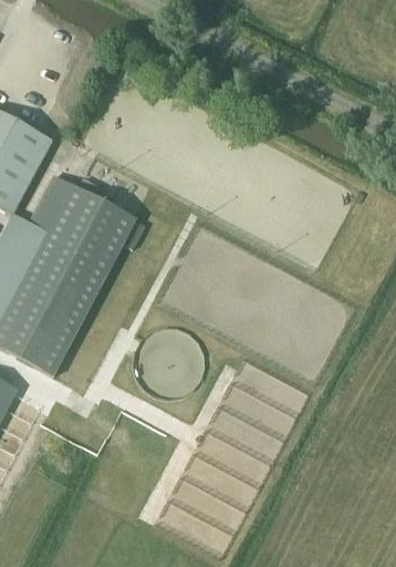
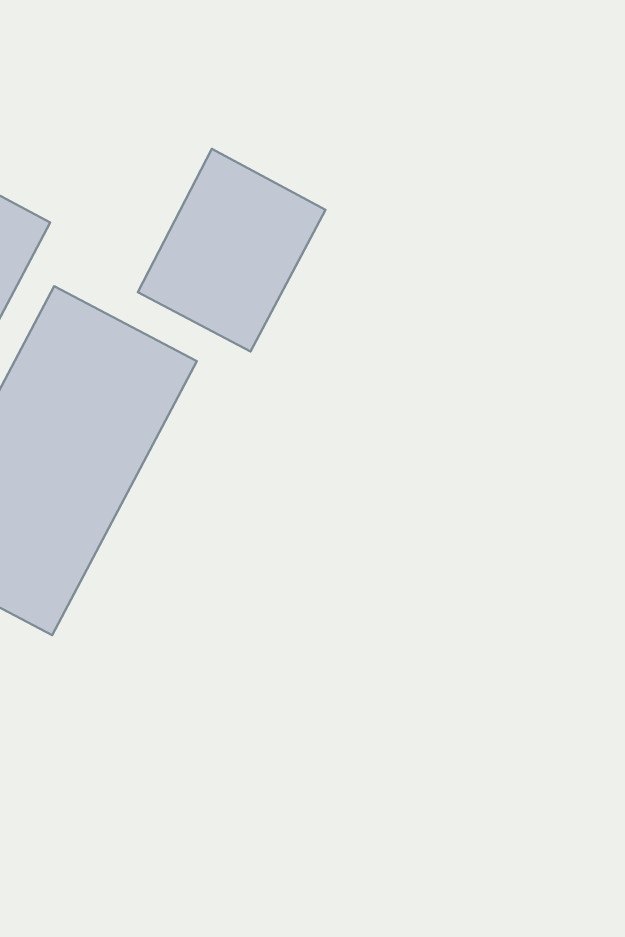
building: none -> [138,149,325,351]

